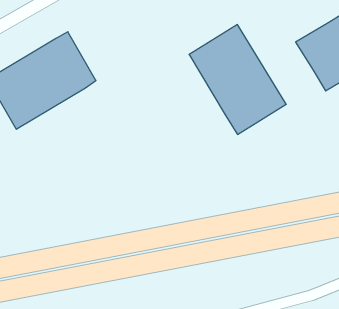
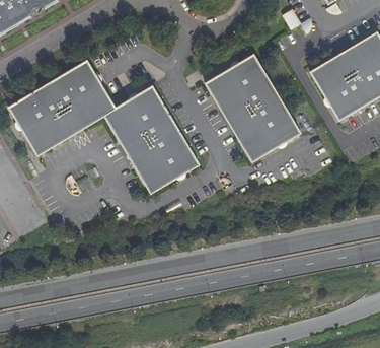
building: none -> [104,88,199,195]

